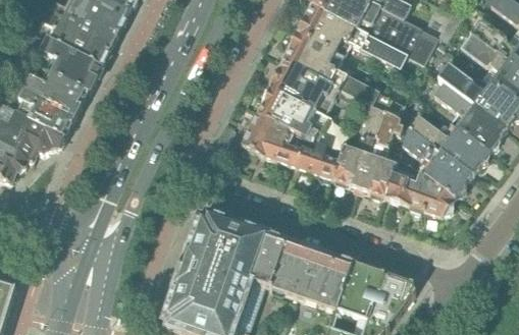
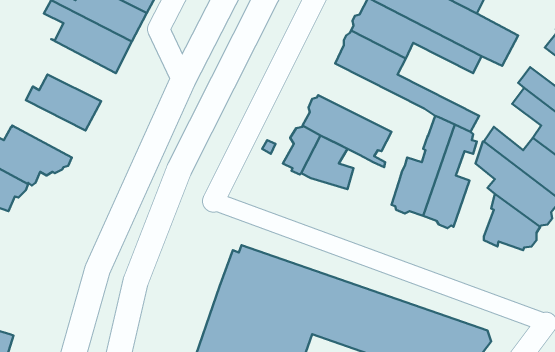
building: [41,39,101,91] -> none
building: [270,59,359,113] -> none
building: [14,90,75,137] -> none
building: [295,142,341,179] -> none
building: [383,153,418,204] -> none

